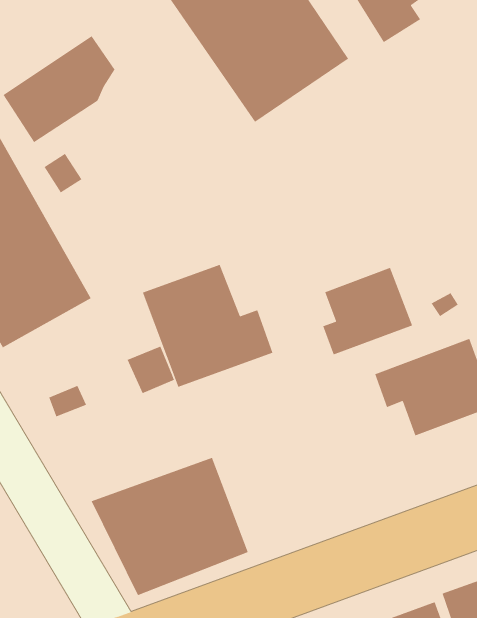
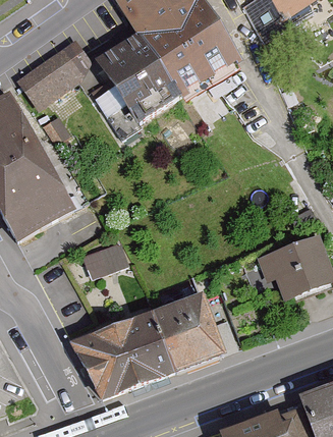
building: none -> [94,31,180,138]
building: [142,264,274,388] -> [153,295,238,376]
building: [322,267,413,355] -> none

